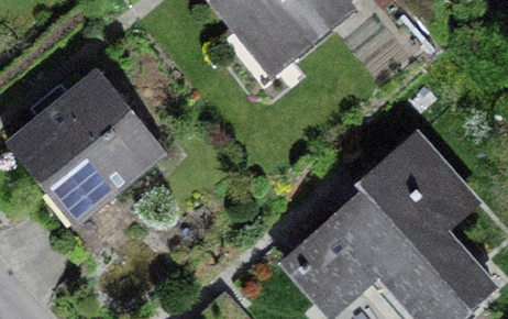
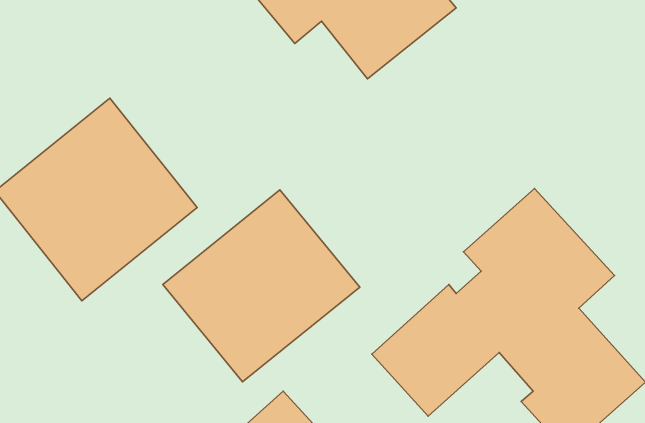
building: none -> [163,190,360,382]

